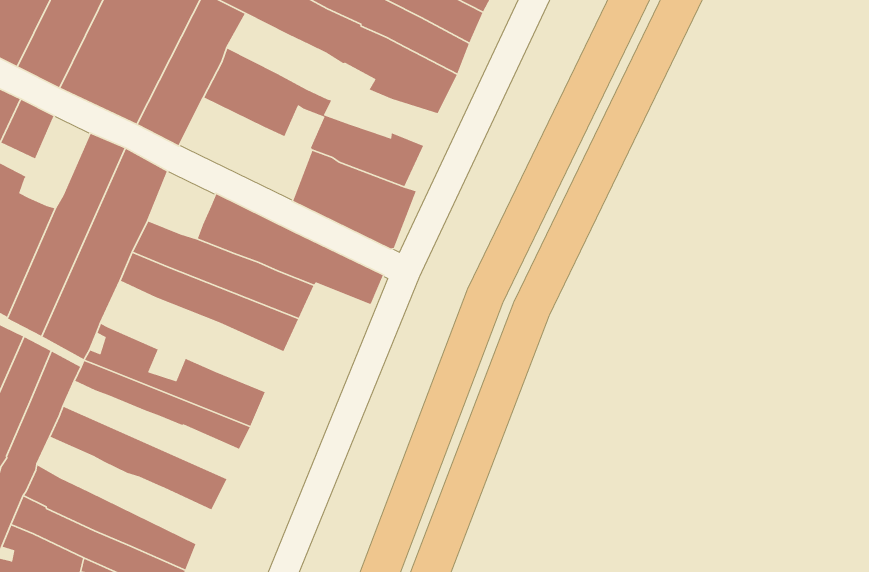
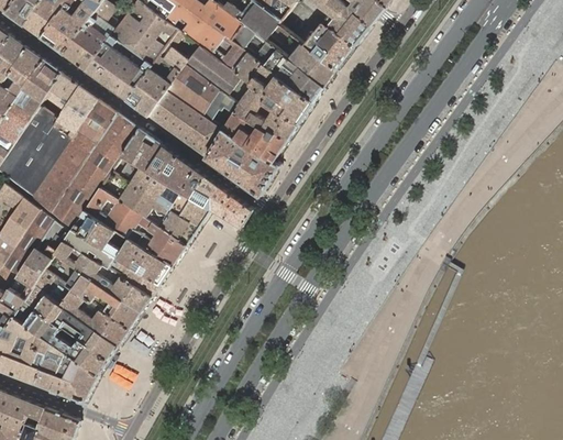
building: none -> [183,46,297,140]
building: none -> [145,90,221,158]
building: none -> [49,86,96,139]
building: none -> [120,129,162,170]
building: none -> [82,187,185,265]
building: none -> [53,240,150,311]
building: none -> [32,270,128,345]

